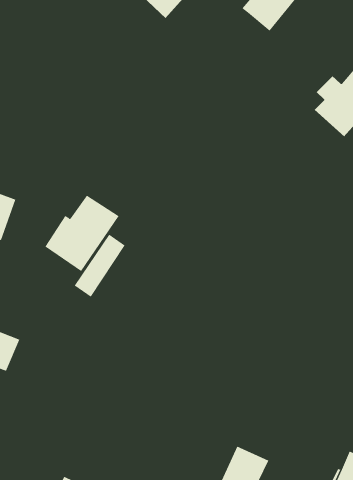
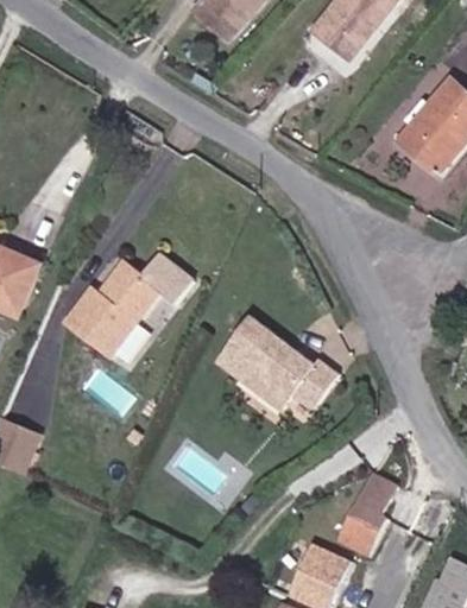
building: none -> [214,328,334,413]
building: none -> [335,481,393,563]

